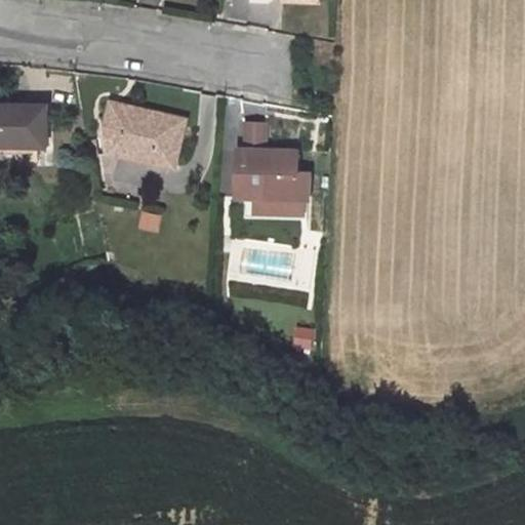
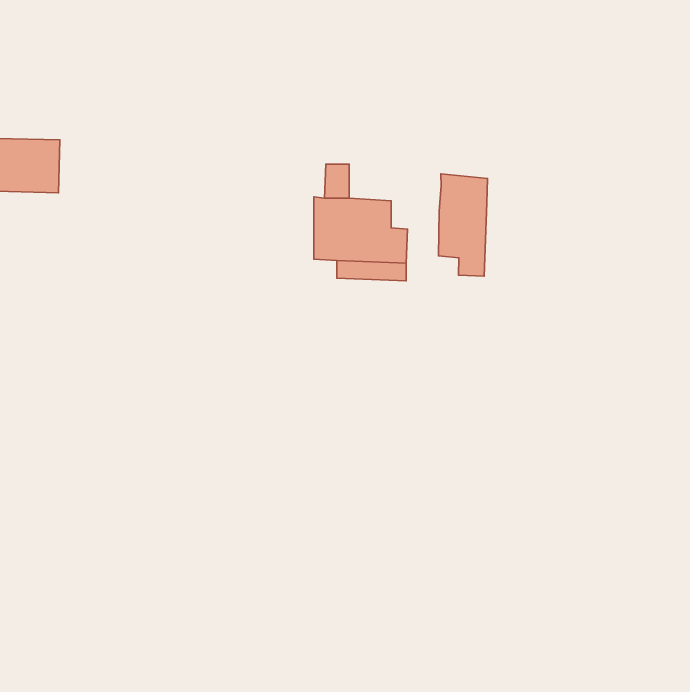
building: [105,103,183,165] -> none
building: none -> [438,174,488,276]

